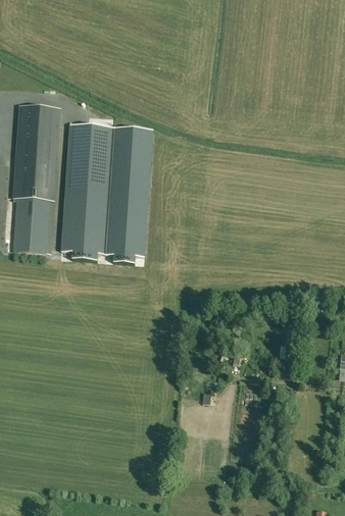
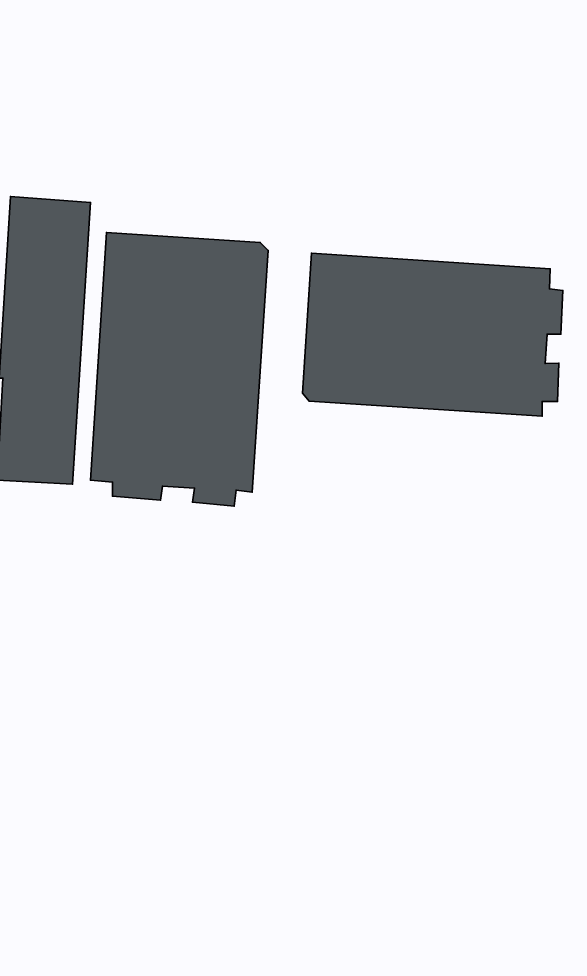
building: none -> [303,253,563,416]

